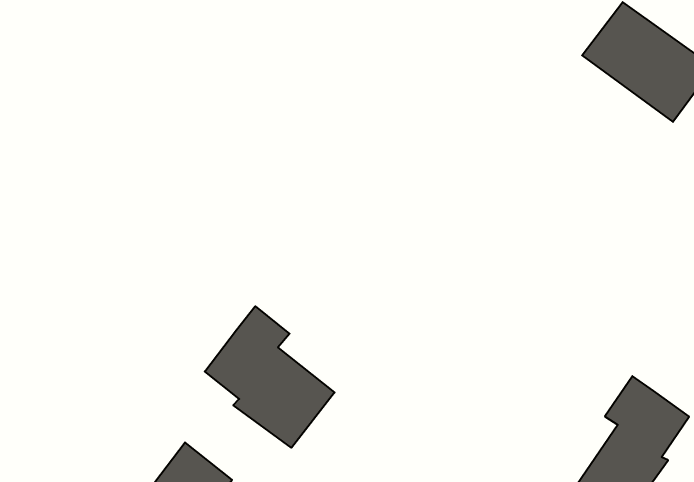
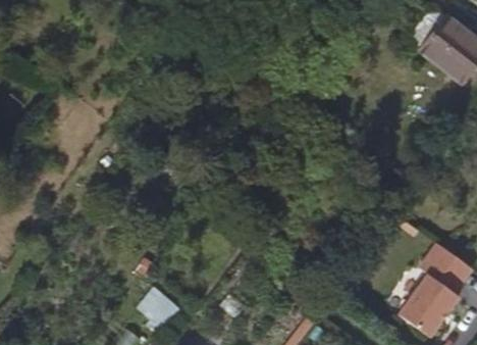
building: [205,306,335,448] -> none

